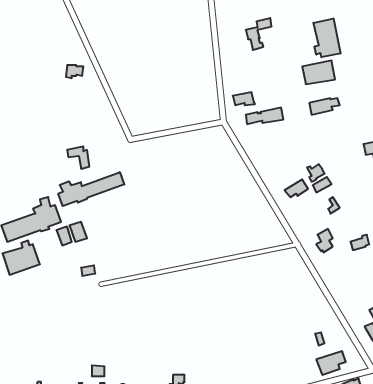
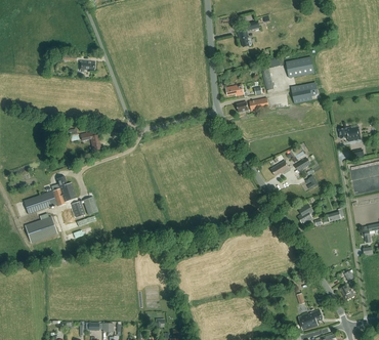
building: [313,18,340,57] -> none
building: [58,172,124,206] -> none

